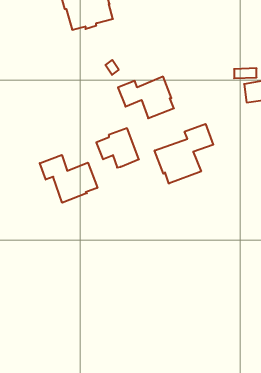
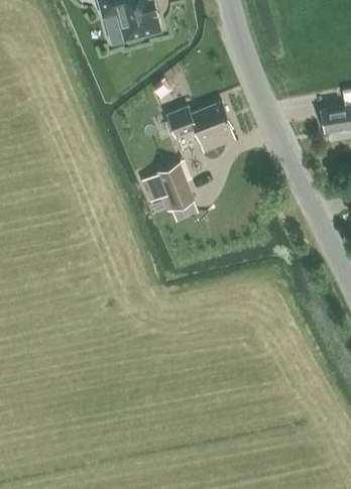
building: [155,124,213,184] -> none
building: [40,155,97,203] -> none

